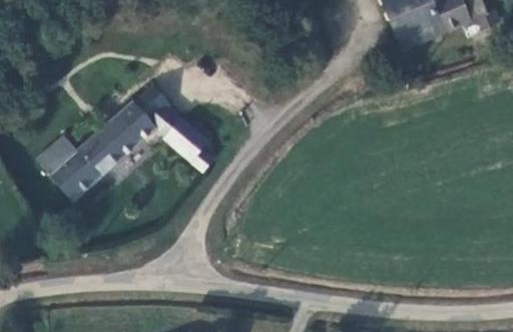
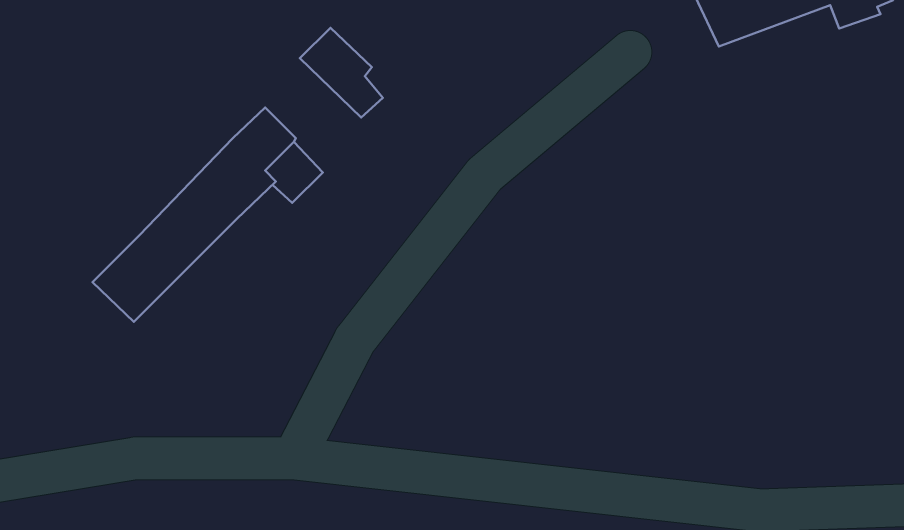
building: [165,120,211,171] -> [300,28,383,118]
building: [38,138,80,182] -> none

